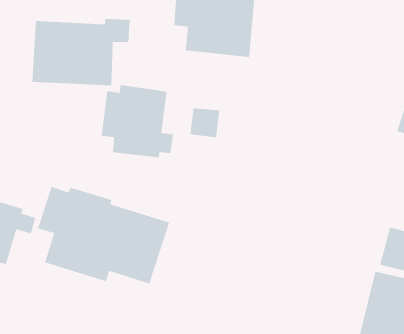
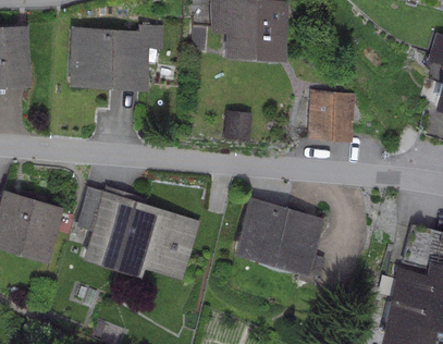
building: [101,84,174,158] -> none
building: none -> [305,90,354,143]
building: none -> [233,196,325,278]

